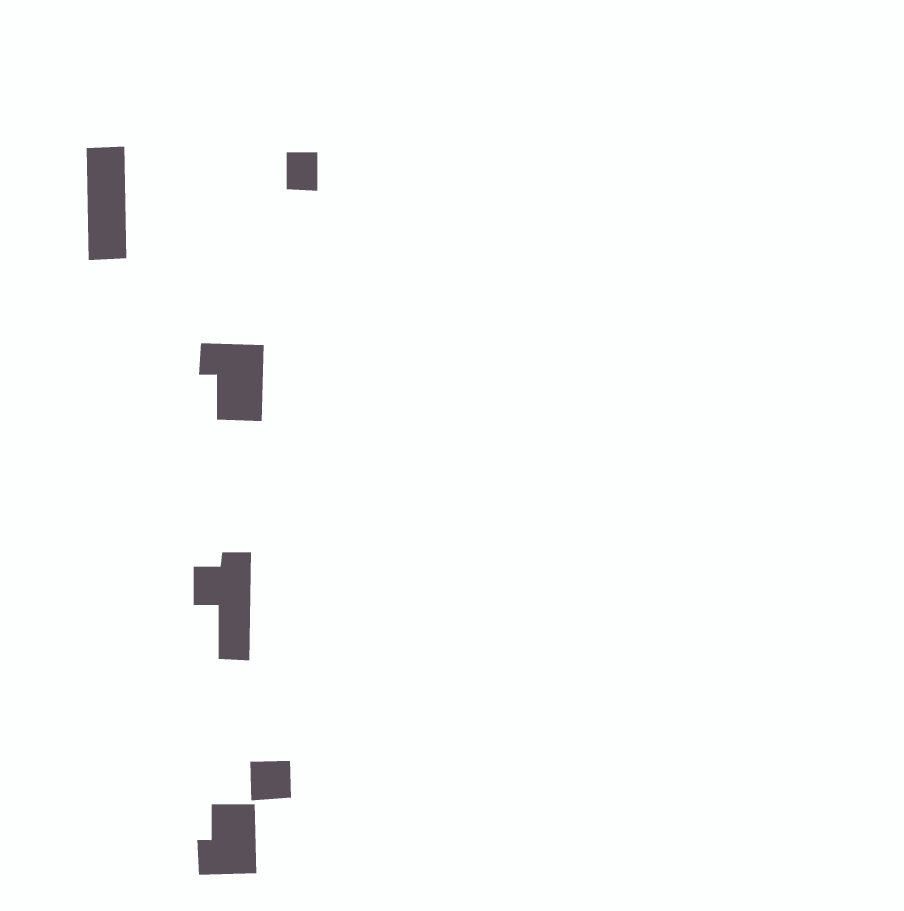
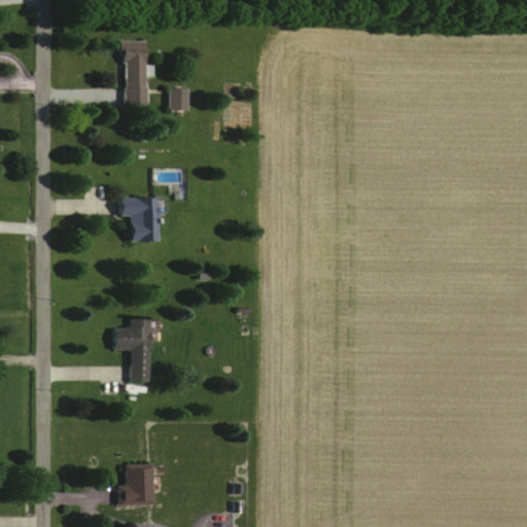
building: [86,146,127,260] -> [125,41,148,107]
building: [250,760,291,801] -> none

